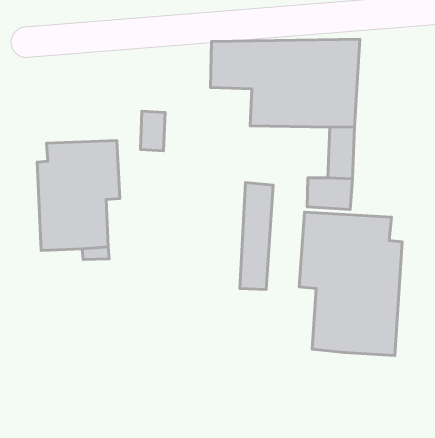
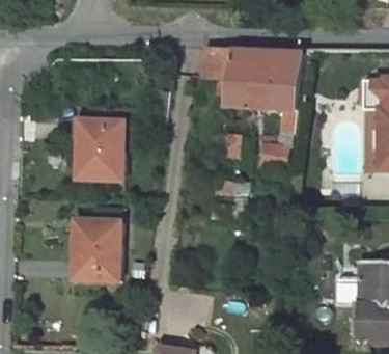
building: [299,212,402,356] -> none
building: none -> [73,218,119,278]

